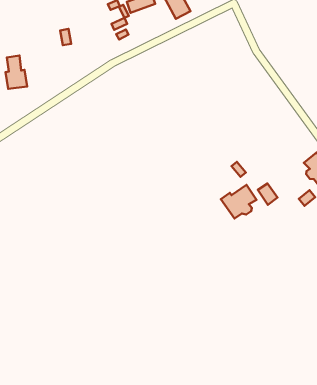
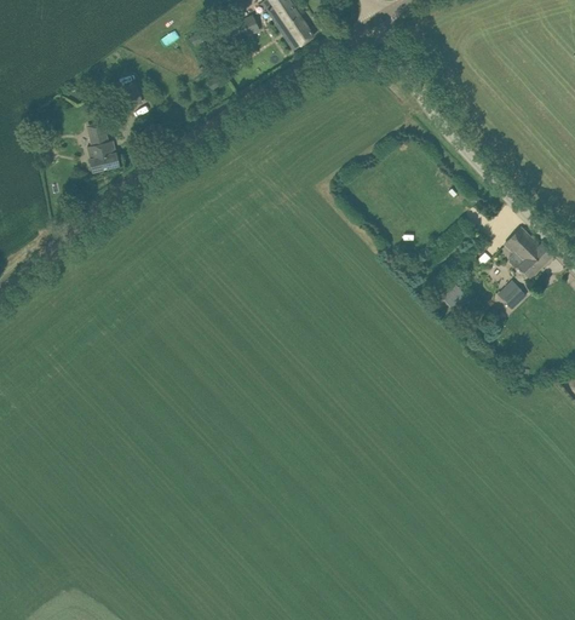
building: [6,56,27,89] -> [86,119,120,170]
building: [221,185,257,218] -> none

